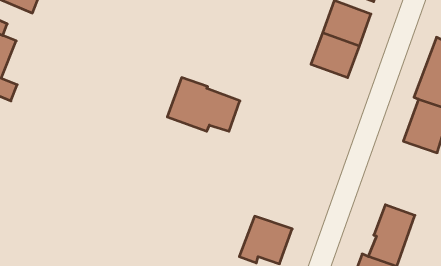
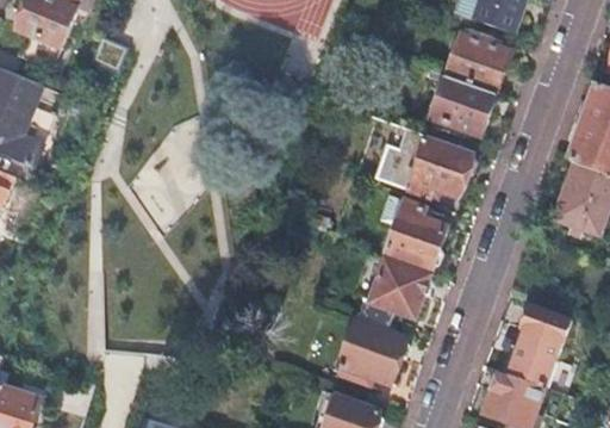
building: [167,78,240,131] -> [376,125,473,197]
building: none -> [387,201,448,268]
building: none -> [371,261,429,321]

